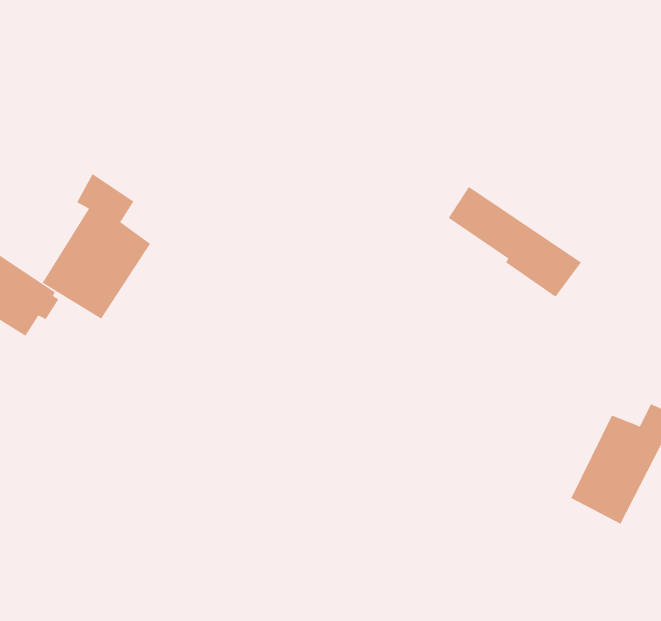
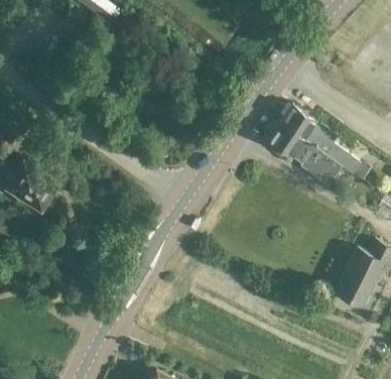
building: none -> [279,105,360,173]
building: [42,173,151,319] -> none

